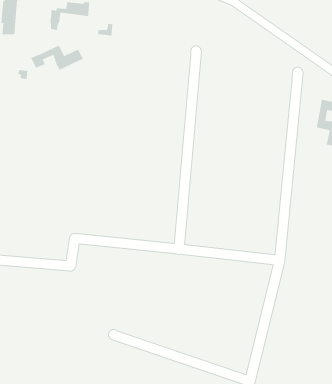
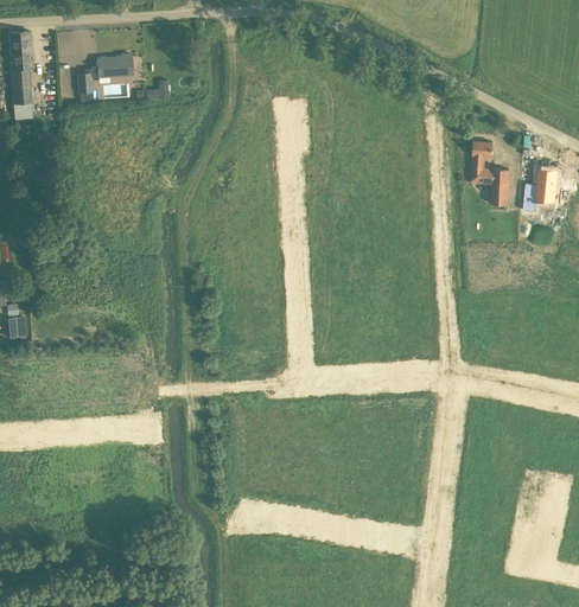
building: [30,45,84,71] -> none

